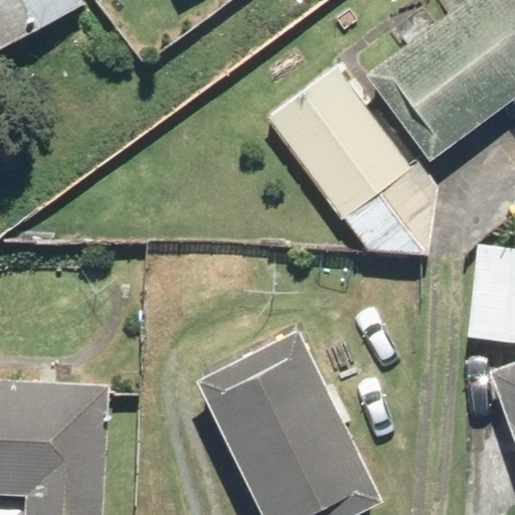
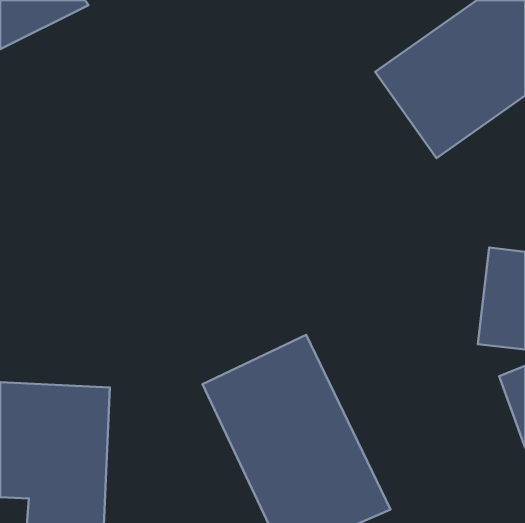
building: [268,67,434,256] -> none

